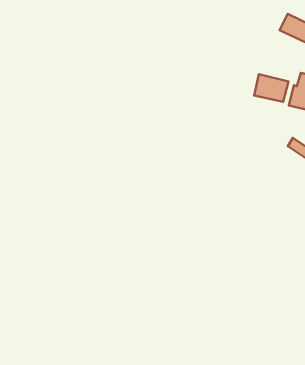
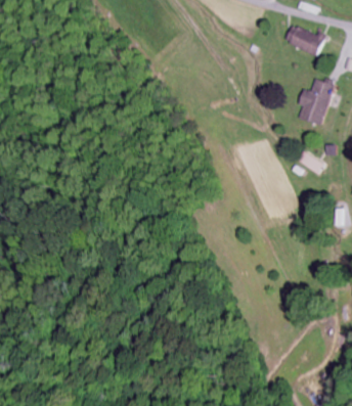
building: [254,74,288,102] -> none

